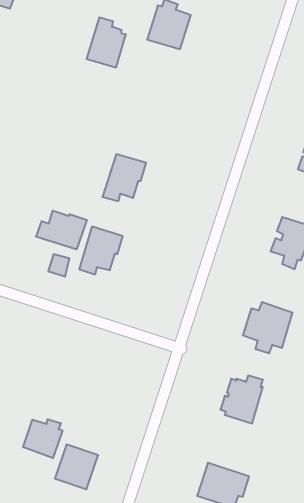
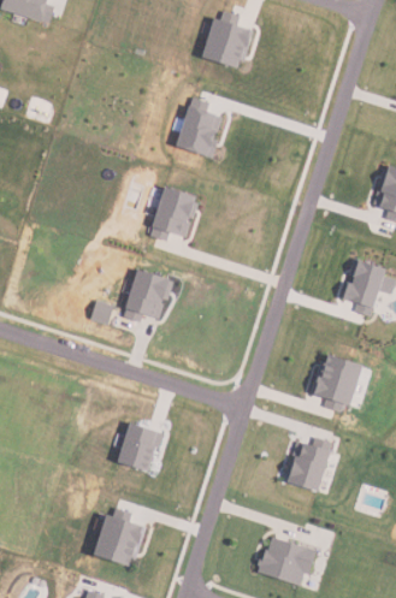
building: [87,17,126,67] -> [175,99,219,155]
building: [36,211,87,249] -> none
building: none -> [119,422,164,472]
building: [23,419,62,458] -> none

